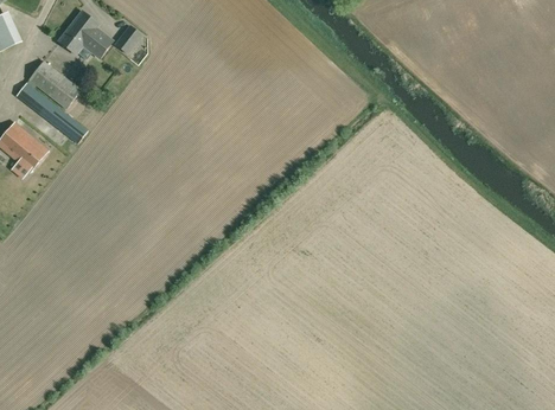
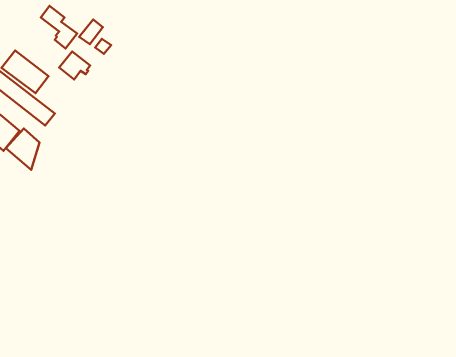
building: [58,21,92,52] -> [59,52,90,79]
building: none -> [6,128,40,170]

